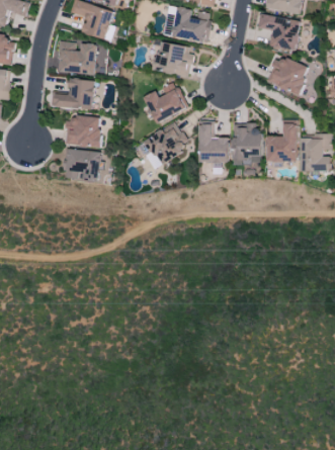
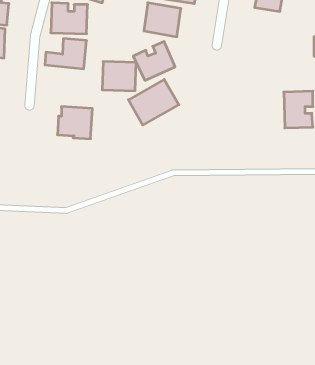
building: [266,57,310,95] -> none
building: [66,116,101,147] -> [102,62,136,91]
building: [266,119,297,163] -> none
building: [199,122,229,163] -> none
building: [233,123,261,164] -> none

